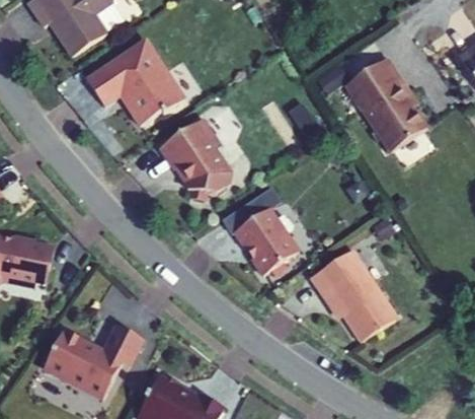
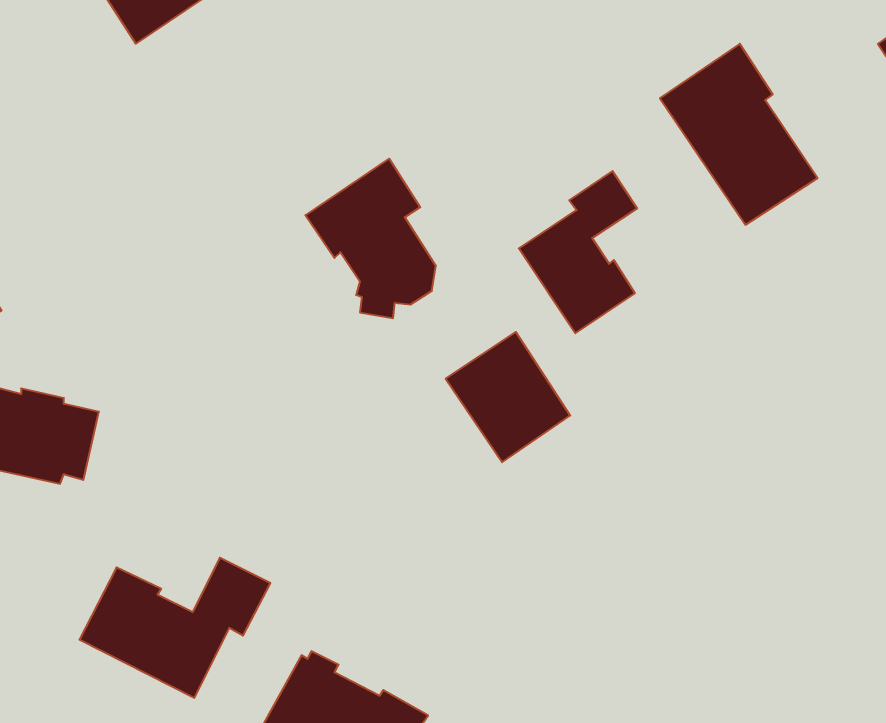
building: [85,40,183,125] -> none
building: none -> [519,171,637,333]
building: [310,249,397,341] -> none

